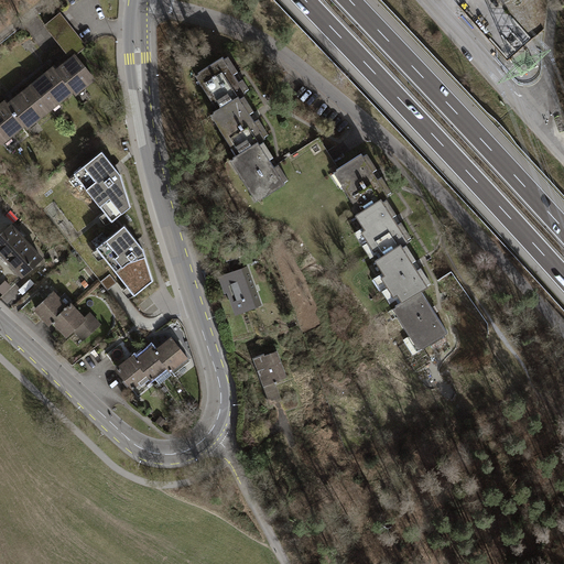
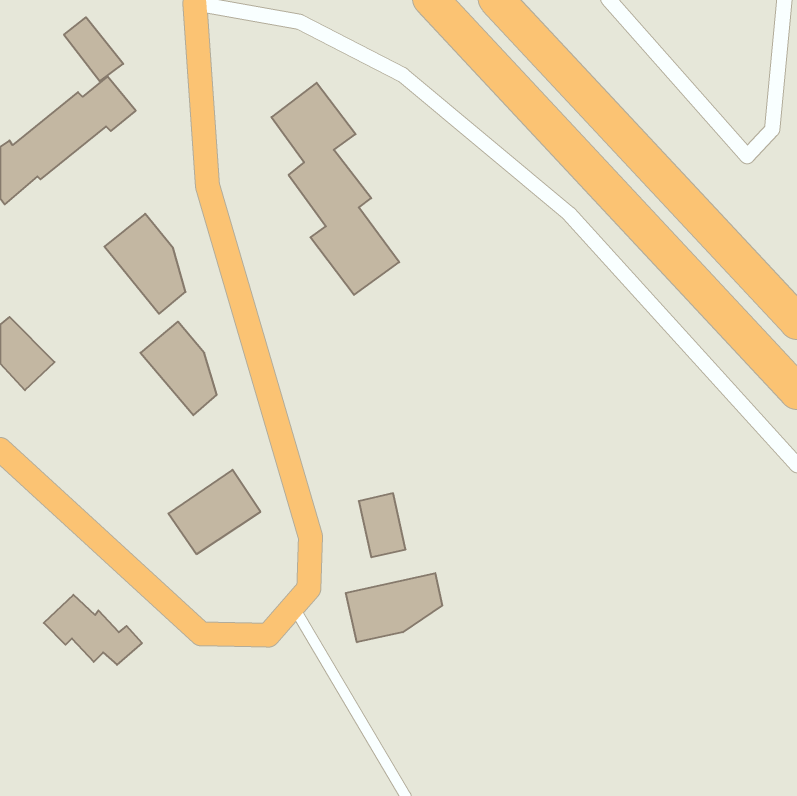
building: [336,153,446,349] -> none
building: [223,260,260,310] -> none
building: [30,290,99,339] -> [44,595,142,665]
building: none -> [346,573,442,642]

